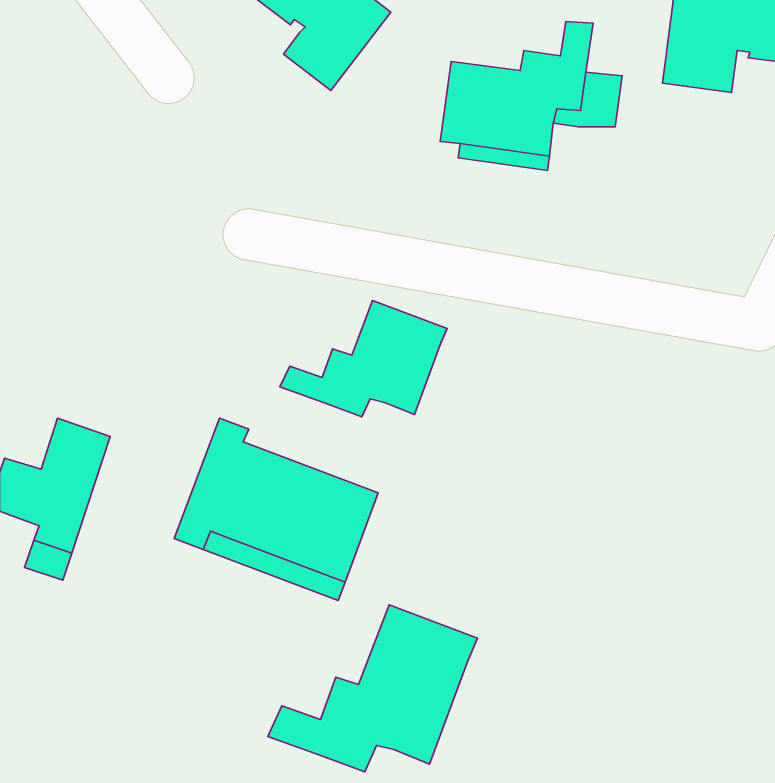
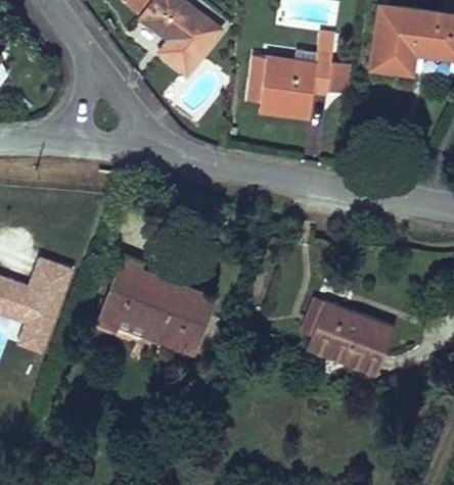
building: [280,301,447,417] -> none
building: none -> [306,301,395,377]
building: [268,605,478,772] -> none

